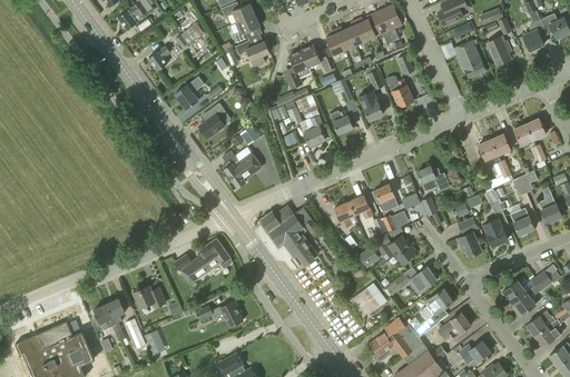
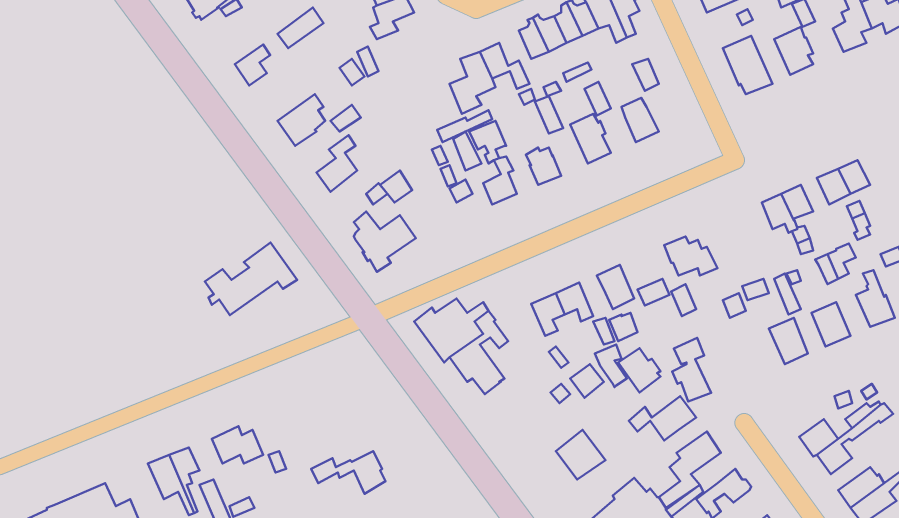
building: [236,40,269,67] -> none
building: [458,217,482,257] -> [672,338,711,402]
building: [175,238,233,284] -> [205,243,297,315]

